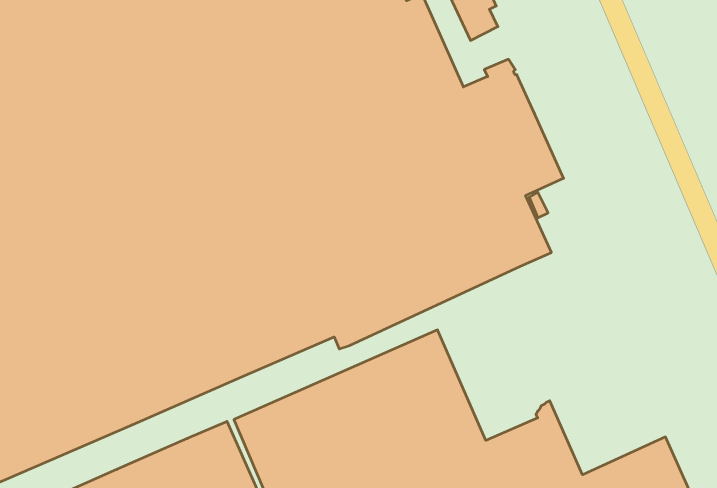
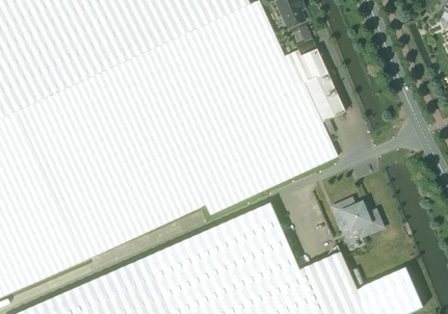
building: none -> [332,199,384,237]

